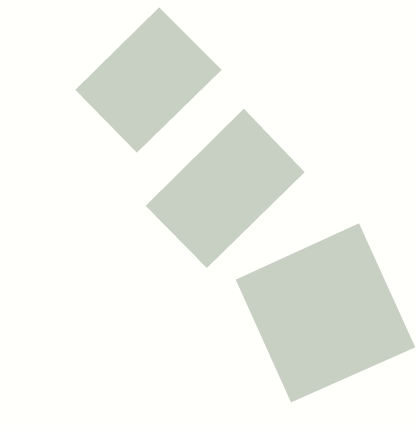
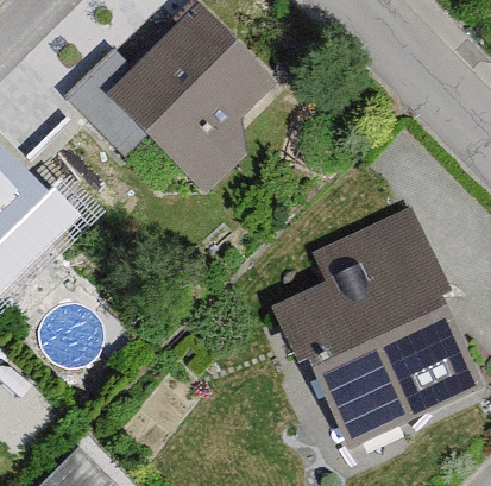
building: [145,108,305,269] -> none

